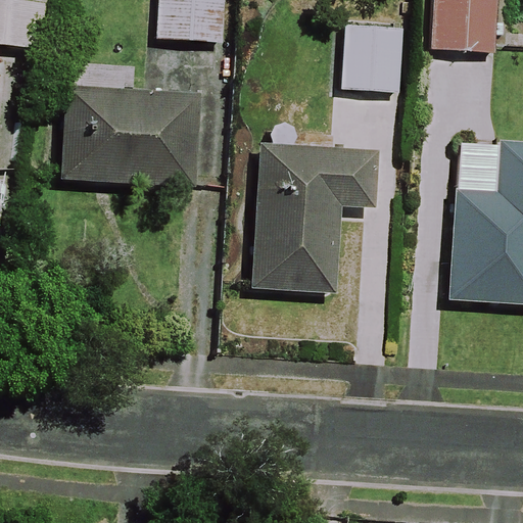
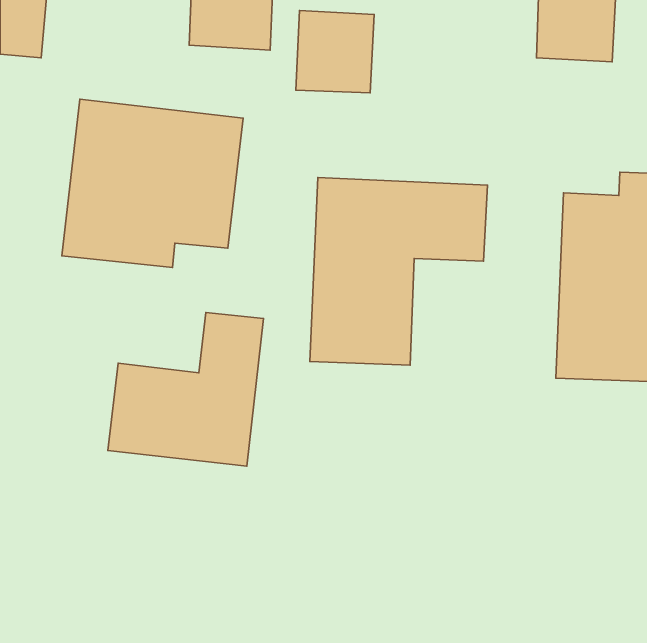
building: [340,23,402,89] -> [296,11,374,93]
building: none -> [108,312,263,466]

